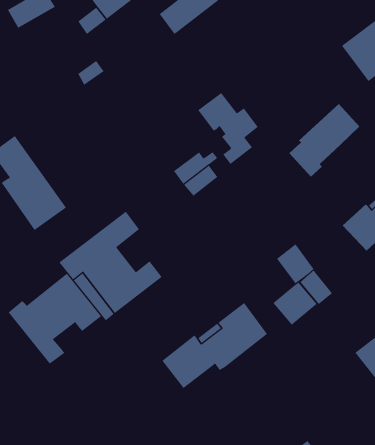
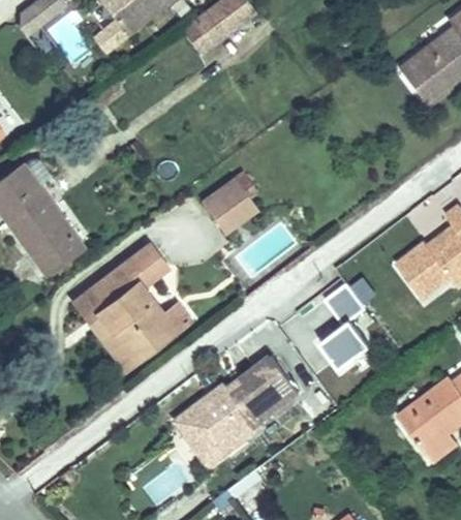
building: [197,92,259,165] -> none
building: [289,103,360,178] -> none
building: [8,273,102,365] -> none
building: none -> [177,420,264,471]

